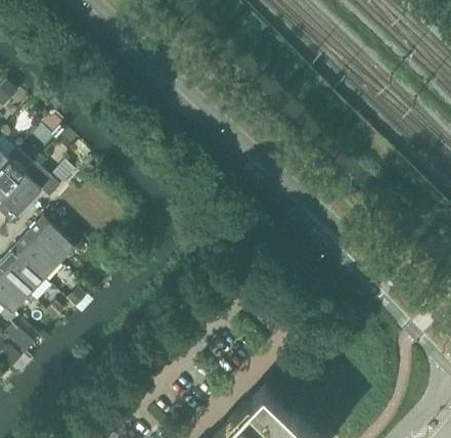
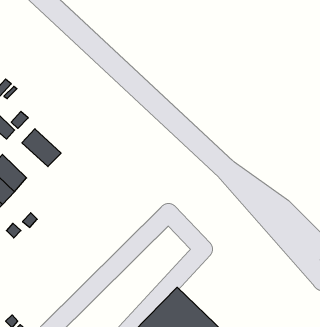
building: none -> [22,129,61,167]

